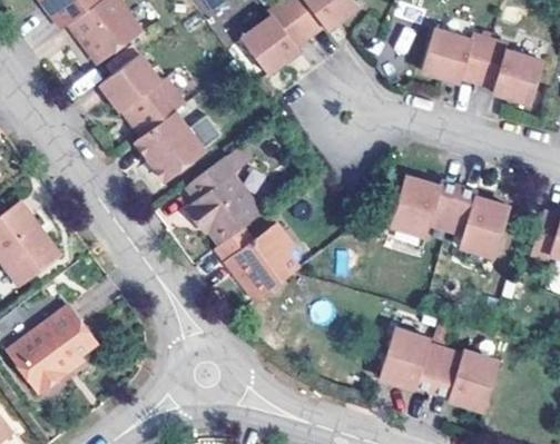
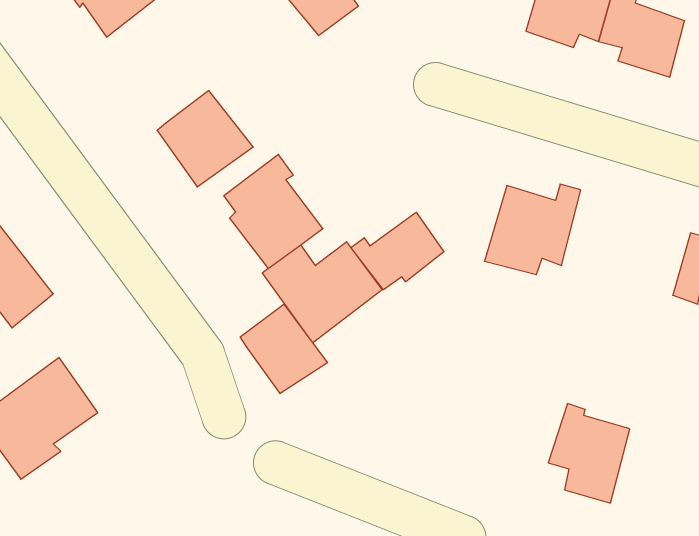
building: [100,53,188,132] -> none
building: [443,182,505,267] -> none
building: none -> [351,212,444,290]
building: none -> [240,304,328,394]
building: [376,332,448,396] -> none

